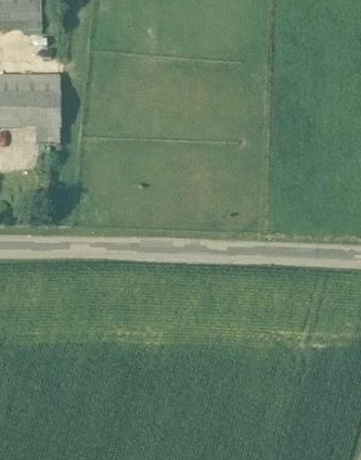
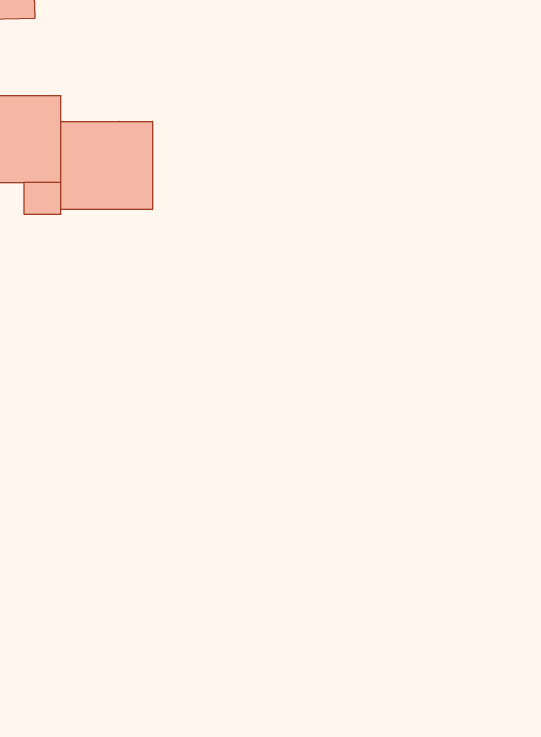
building: none -> [61,121,152,210]

